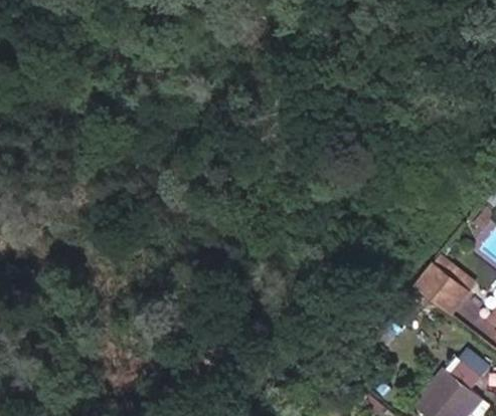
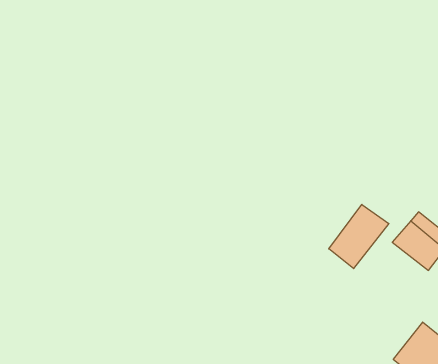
building: none -> [329,204,389,269]

